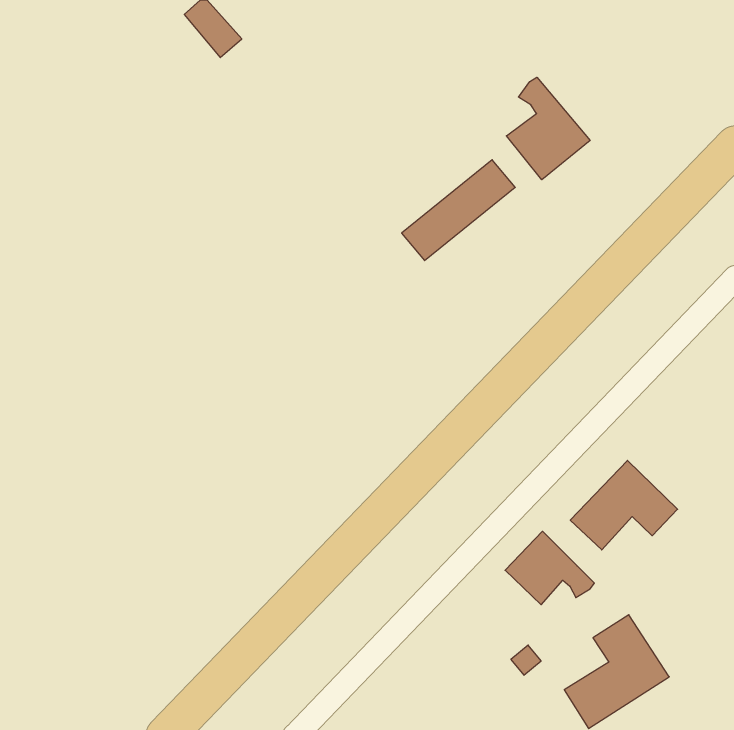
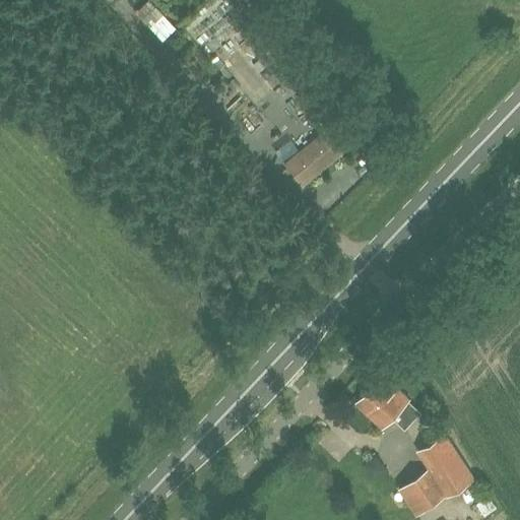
building: [506,77,590,180] -> none
building: [570,460,678,550] -> none

